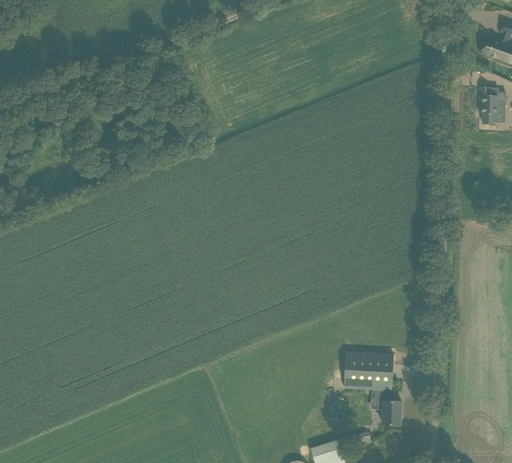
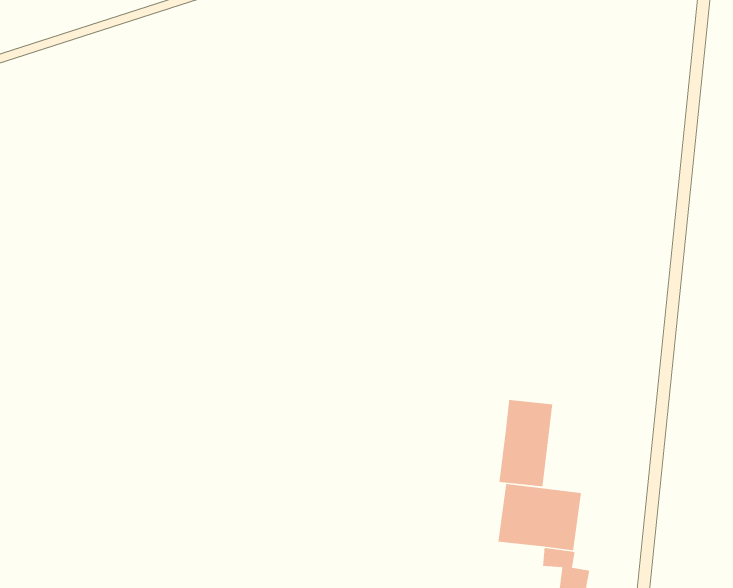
building: none -> [498,399,553,487]

